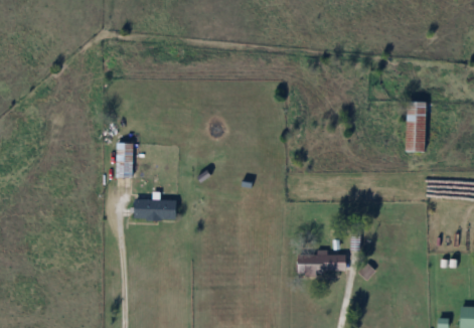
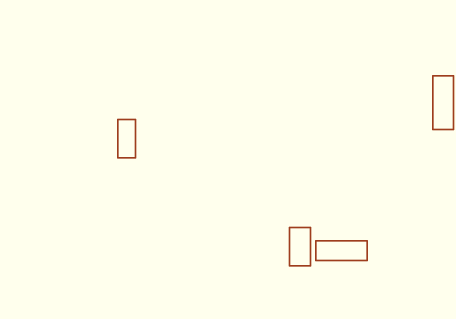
building: [133,198,176,220] -> none
building: none -> [289,228,311,266]

